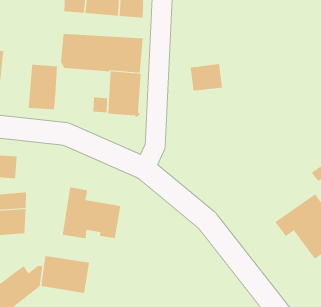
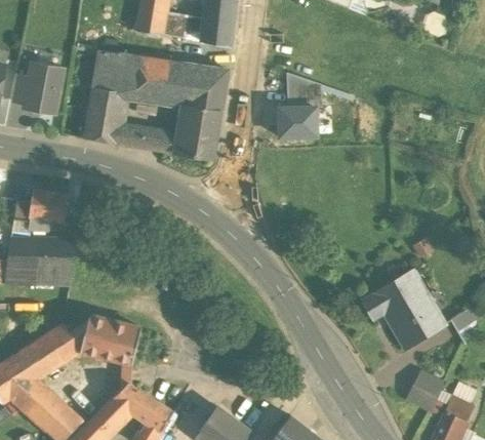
building: none -> [94,51,134,96]
building: none -> [287,74,323,109]
building: none -> [117,126,149,149]
building: [62,186,121,239] -> none

